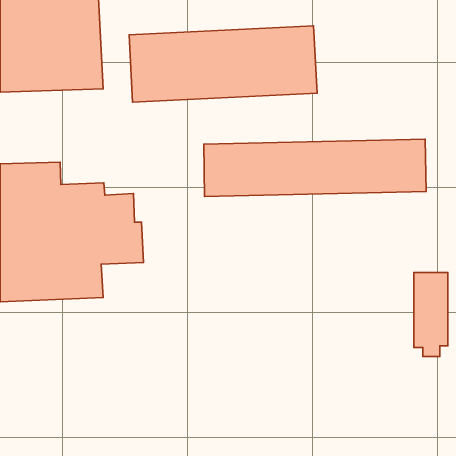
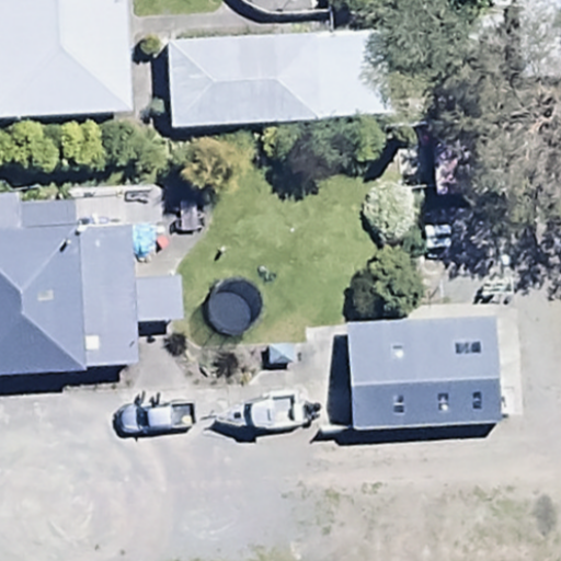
building: [204,139,426,196] -> none
building: none -> [344,317,496,430]

